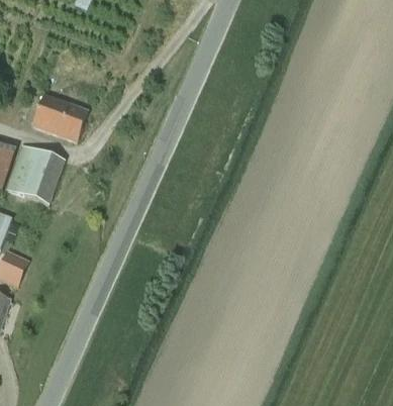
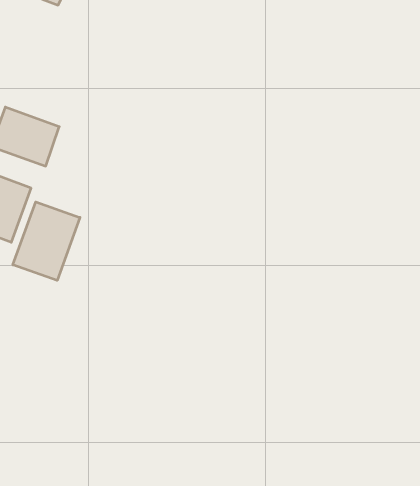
building: none -> [13,202,80,280]

